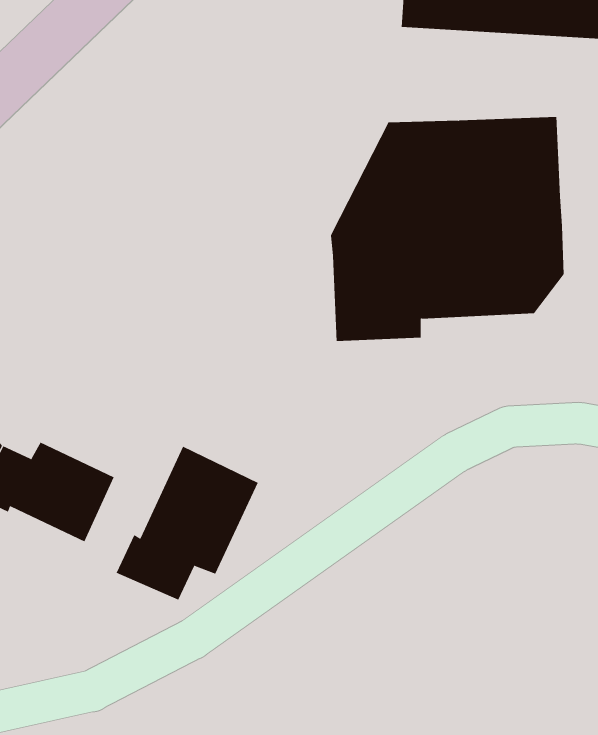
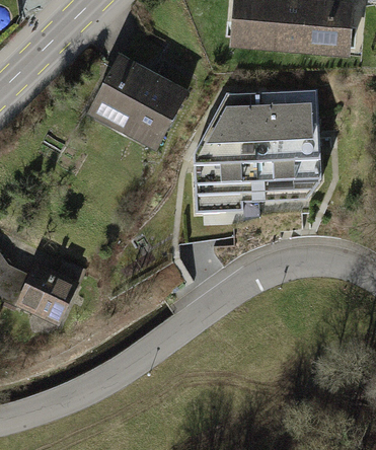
building: none -> [89,58,179,142]
building: [116,446,258,601] -> none

